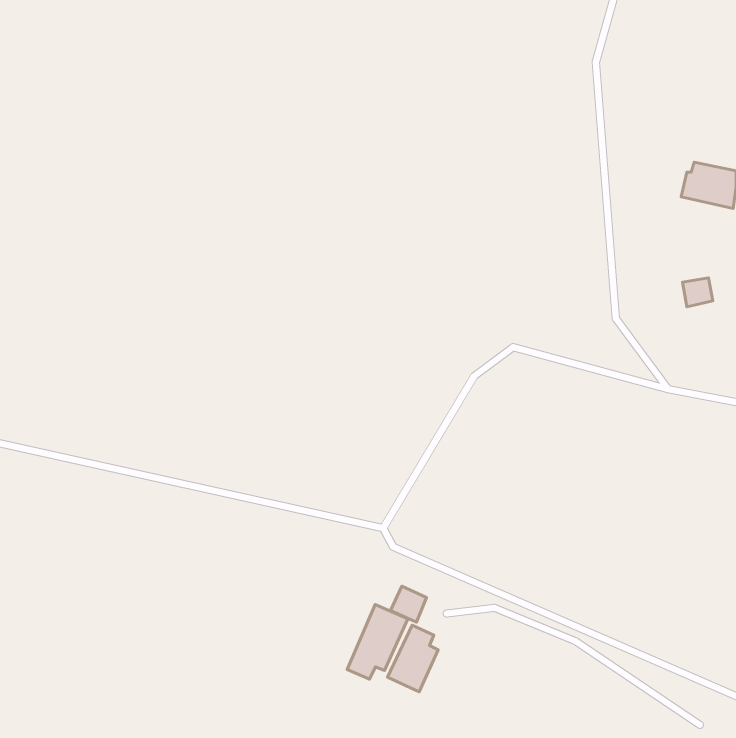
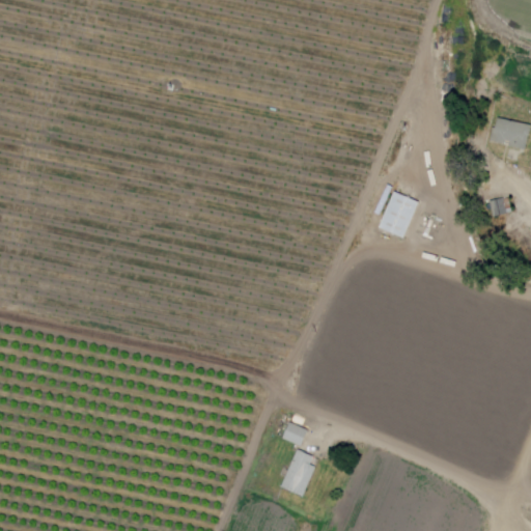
building: none -> [376,184,421,239]
building: [347,604,408,679] -> none

